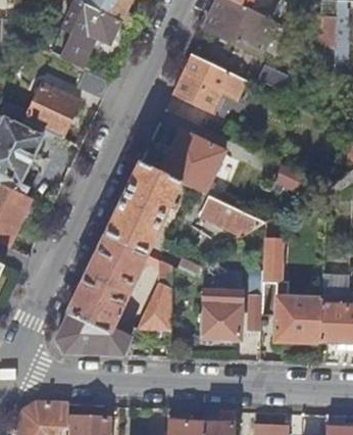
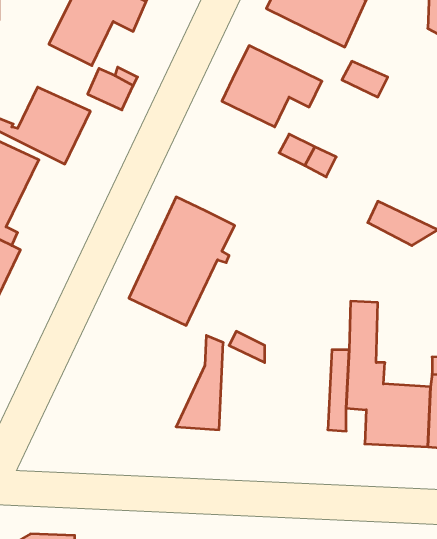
building: [161,131,224,194] -> none
building: [201,197,265,235] -> none
building: [56,235,147,355] -> none
building: [200,285,241,339] -> none

